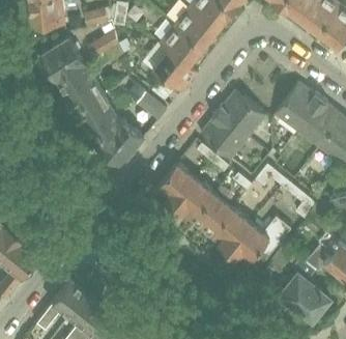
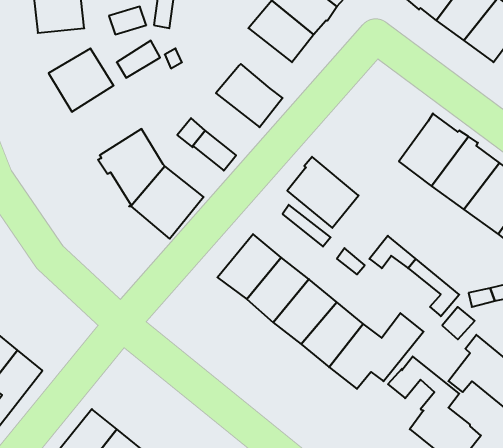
building: [161,26,204,66] -> none
building: [57,64,104,111] -> none
building: [218,91,266,138] -> none

